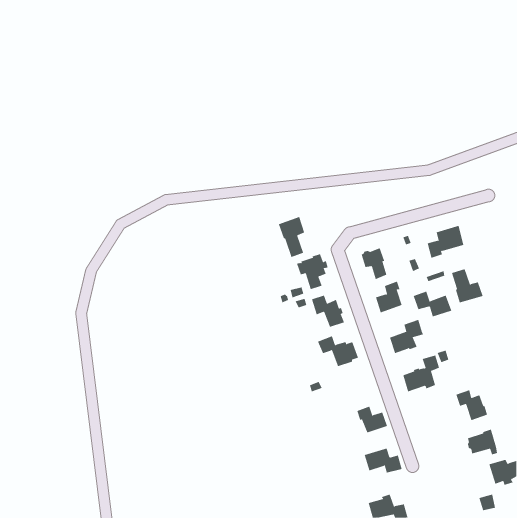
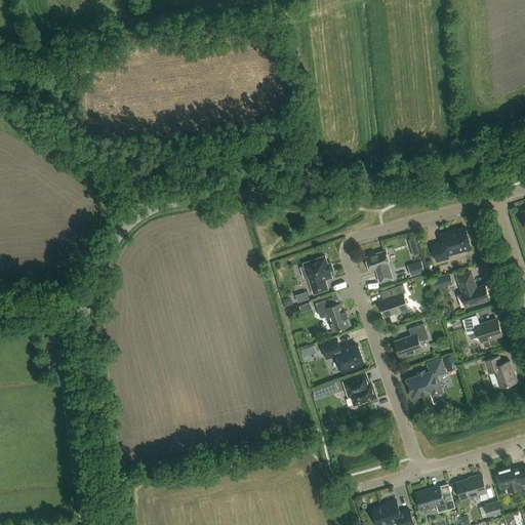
building: [278,216,305,258] -> none
building: [413,291,452,317] -> [461,315,501,341]
building: [456,389,488,421] -> [484,356,517,388]
building: [357,406,388,433] -> [344,377,375,405]
building: [467,429,498,455] -> [456,474,487,500]
building: [364,448,402,473] -> [415,486,454,512]

